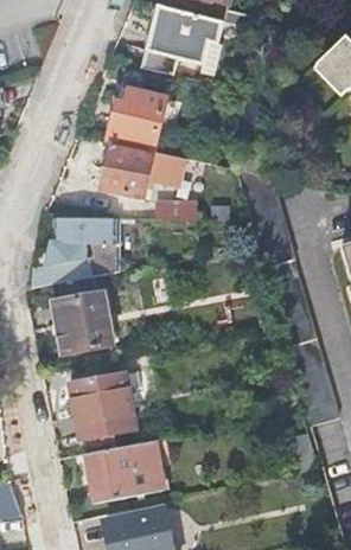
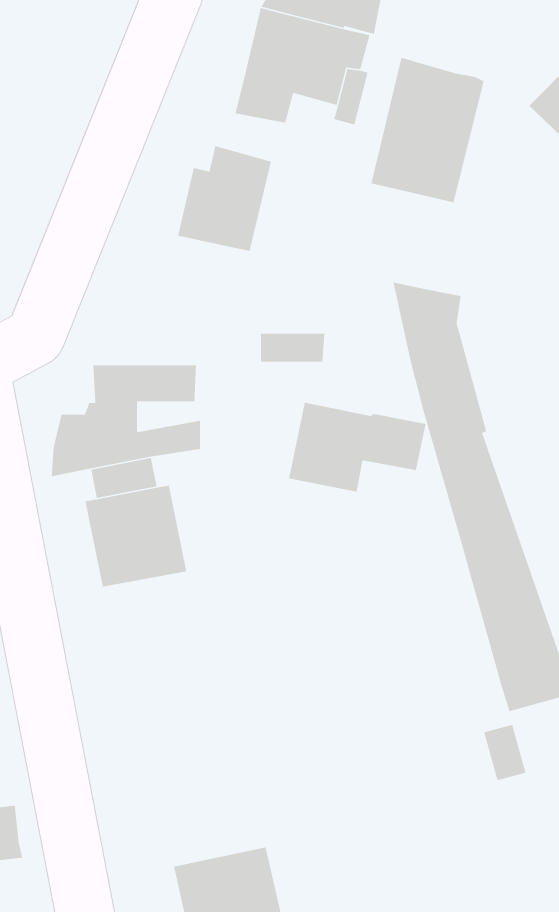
building: none -> [370,57,485,203]
building: [100,145,183,199] -> [288,402,426,493]
building: [70,372,136,439] -> none
building: [83,440,165,504] -> none

